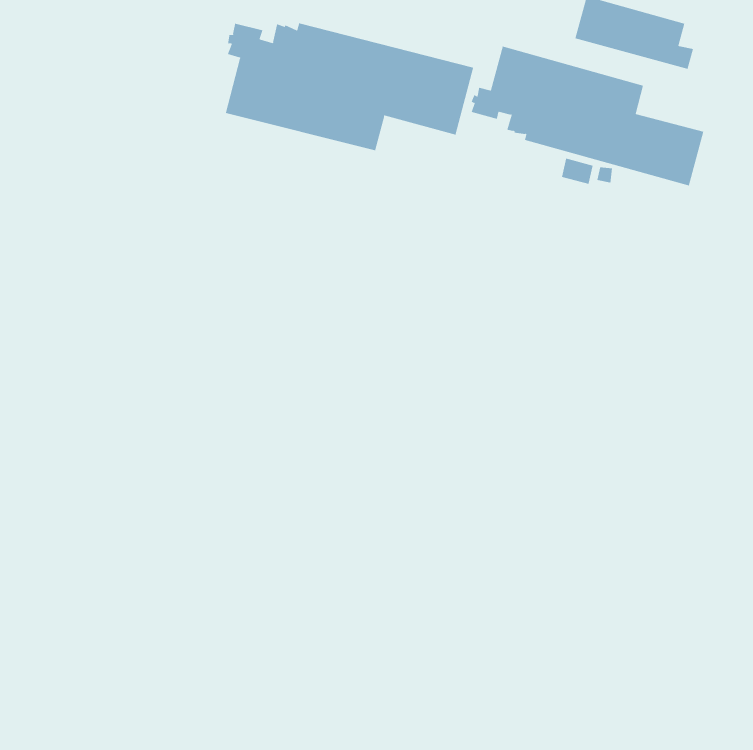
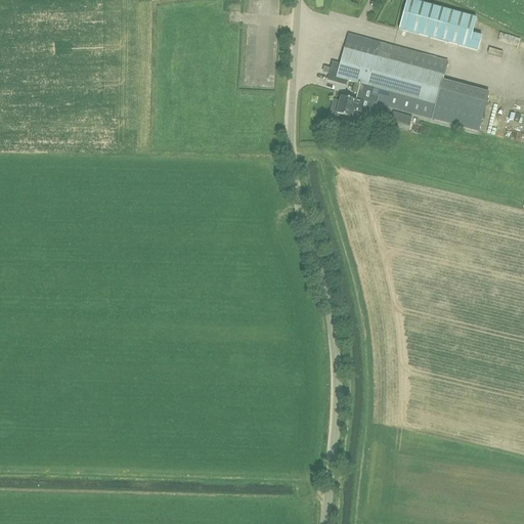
building: [225,22,474,151] -> none
building: none -> [330,92,365,119]

